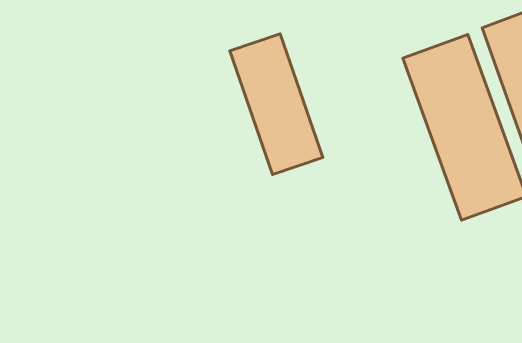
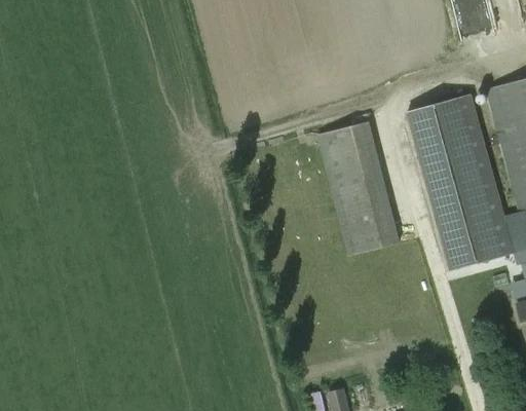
building: [230,34,323,174] -> [318,120,399,254]

